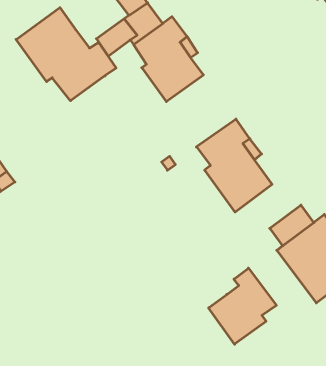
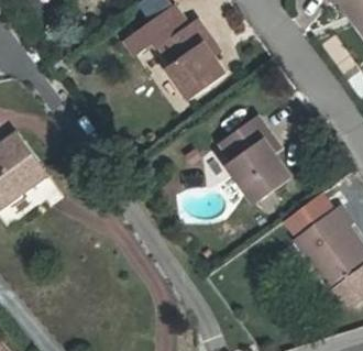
building: [16,8,116,101] -> none
building: [209,268,276,344] -> none

